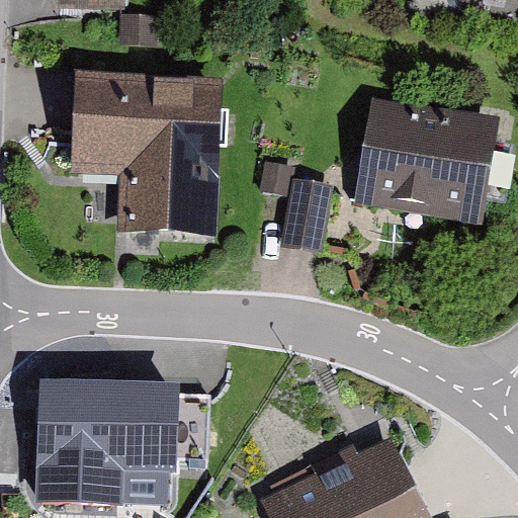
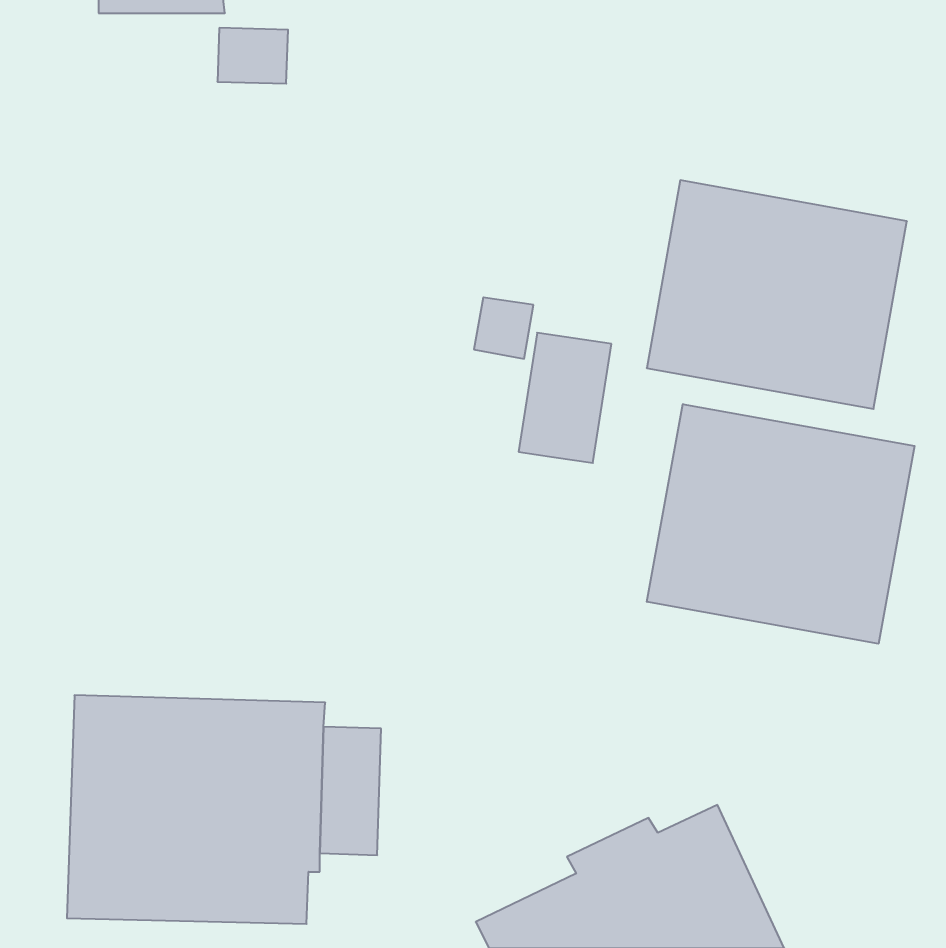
building: [71,73,221,236] -> none
building: none -> [647,404,915,644]

